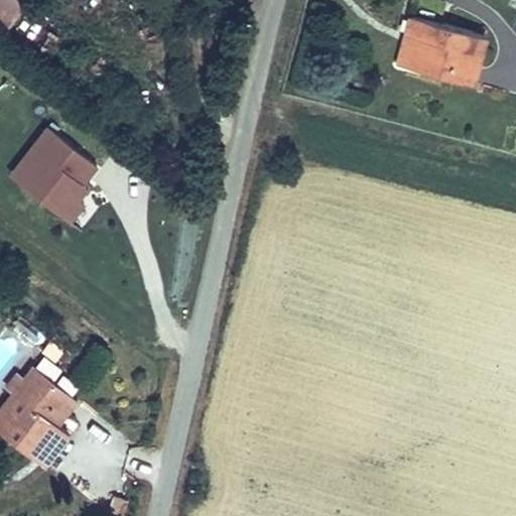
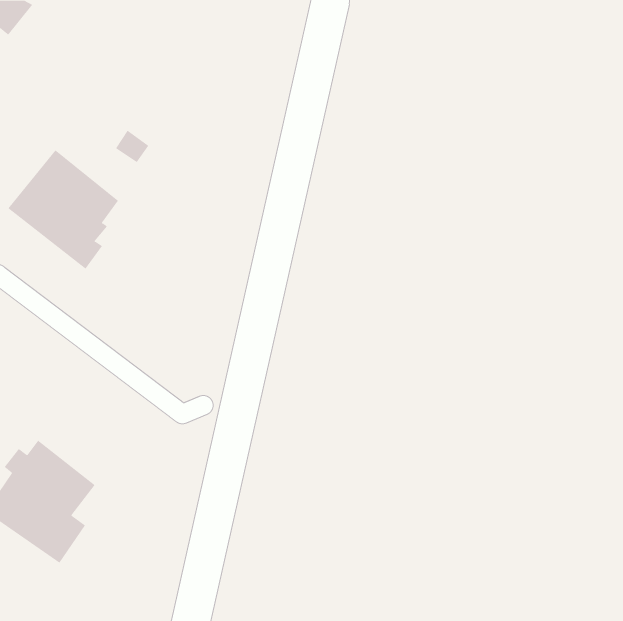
building: [392,17,488,89] -> none

